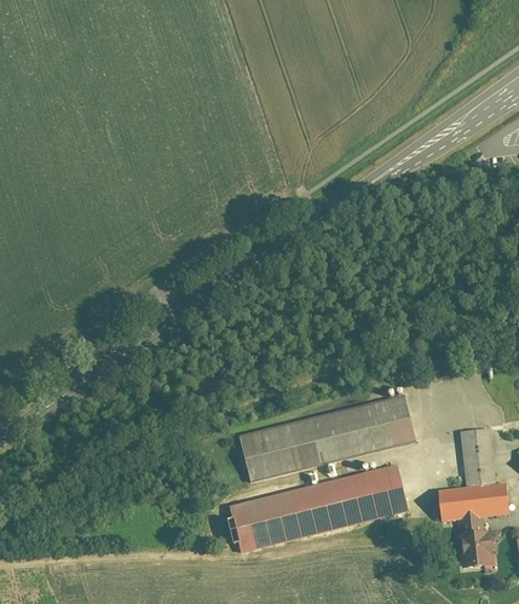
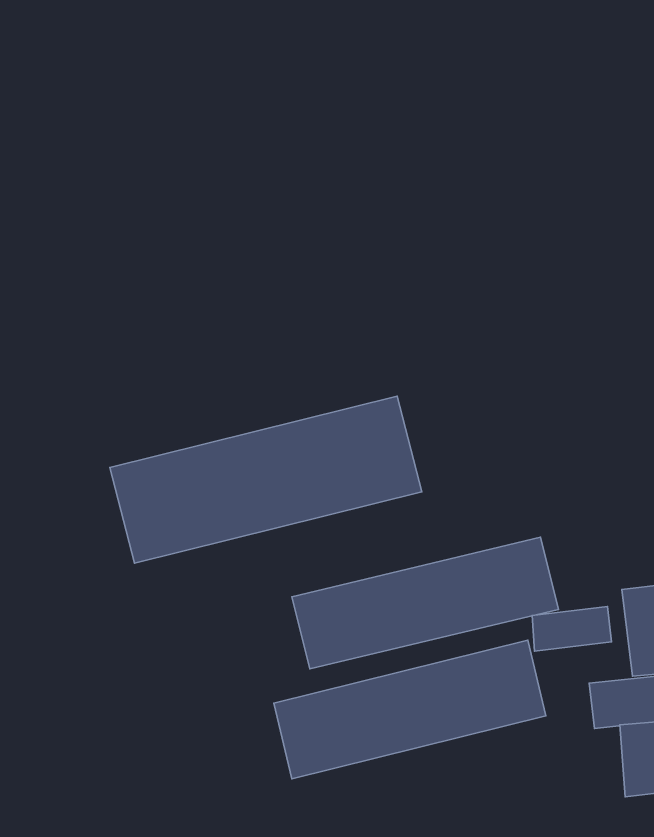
building: none -> [110,396,422,563]
building: none -> [532,607,612,651]

